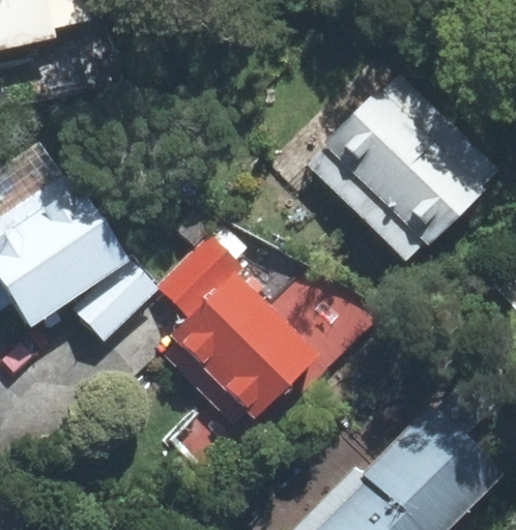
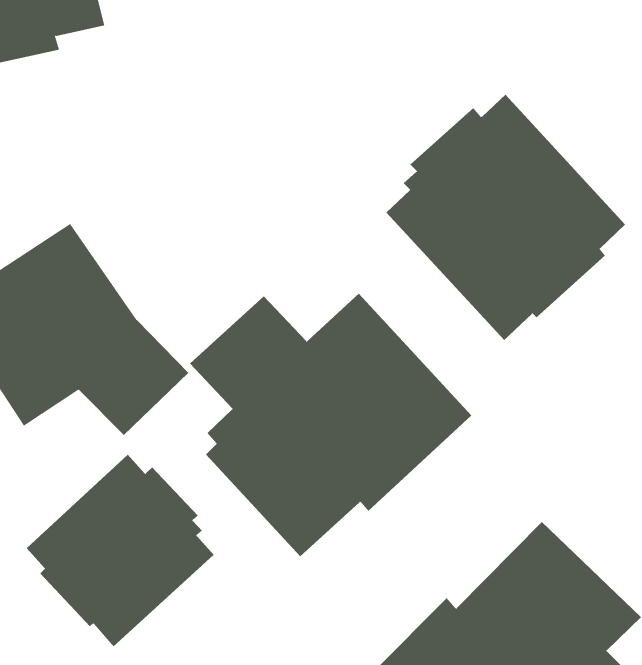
building: none -> [26,454,214,647]

